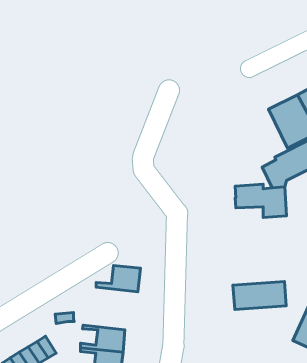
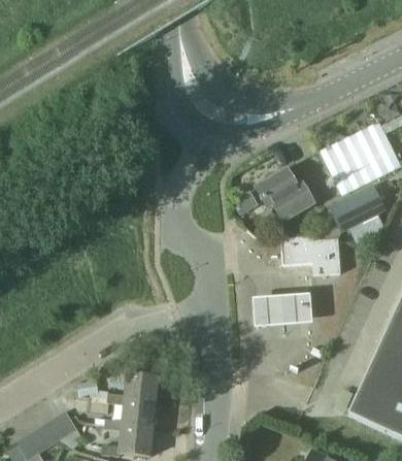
building: none -> [257,171,313,223]
building: [96,265,141,292] -> [108,373,159,403]
building: [233,281,286,309] -> [252,292,312,324]

